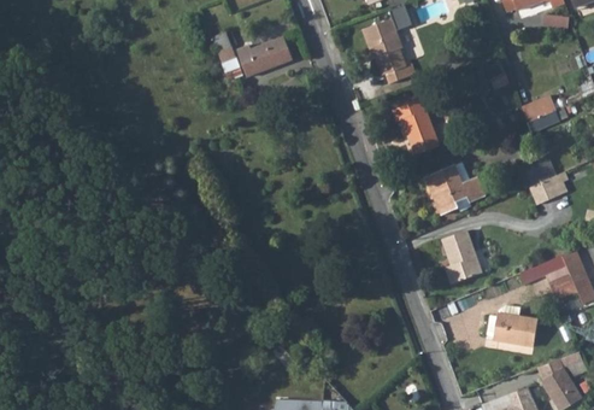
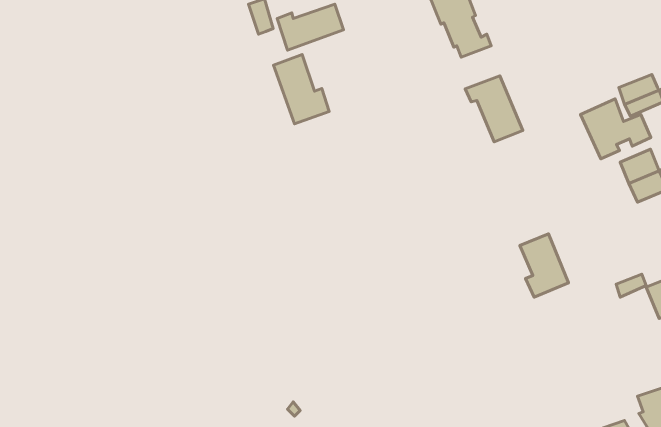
building: none -> [273,55,329,124]
building: [427,163,486,213] -> [581,99,651,159]
building: [486,312,537,347] -> none

